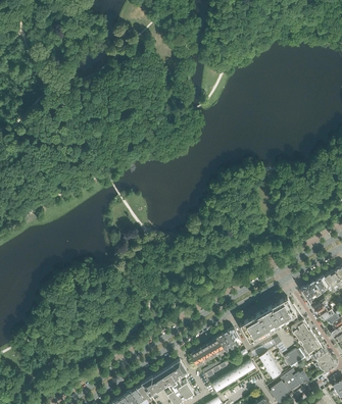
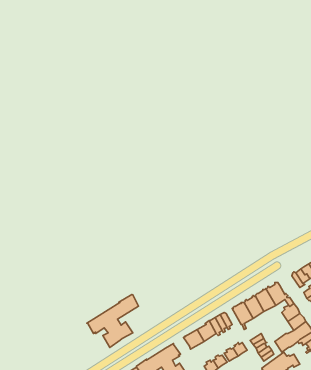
building: none -> [87,295,139,347]

